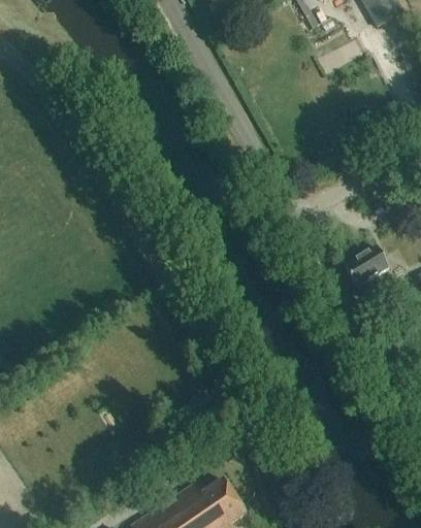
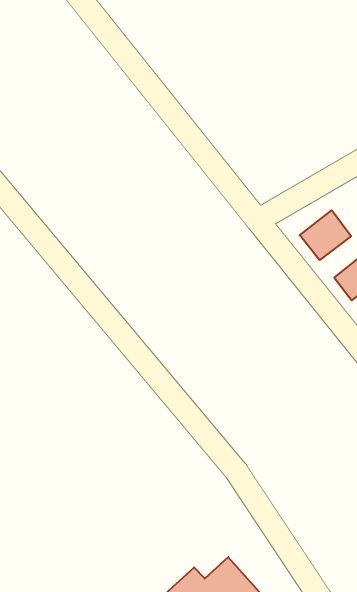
building: none -> [300,210,351,260]

